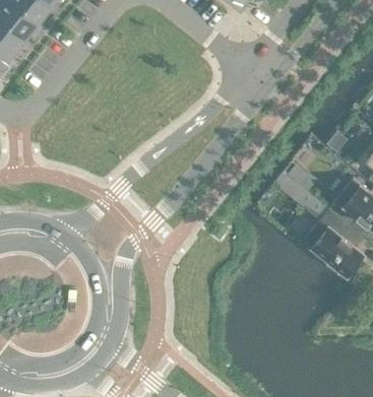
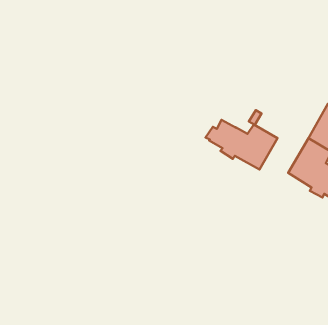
building: none -> [206,120,278,169]

